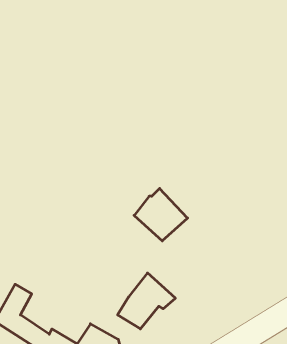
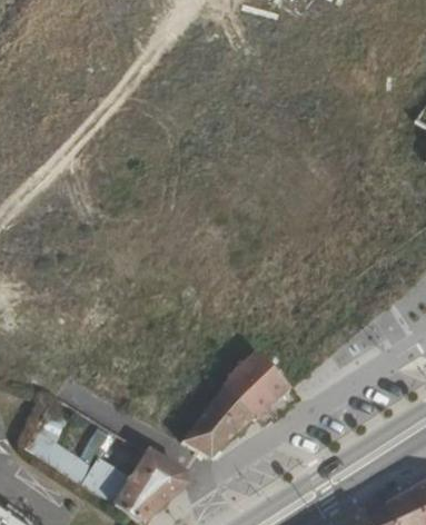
building: [134,188,188,241] -> [221,354,289,420]

